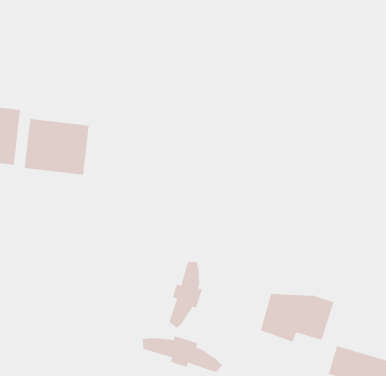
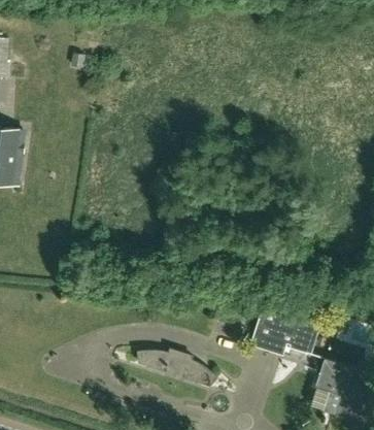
building: [24,118,90,175] -> none
building: [168,261,203,329] -> none

